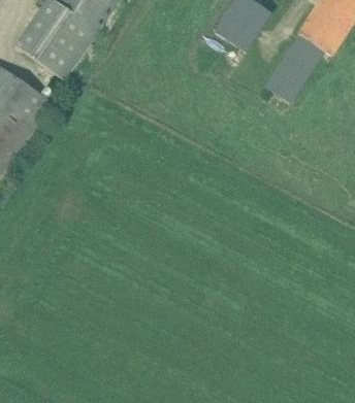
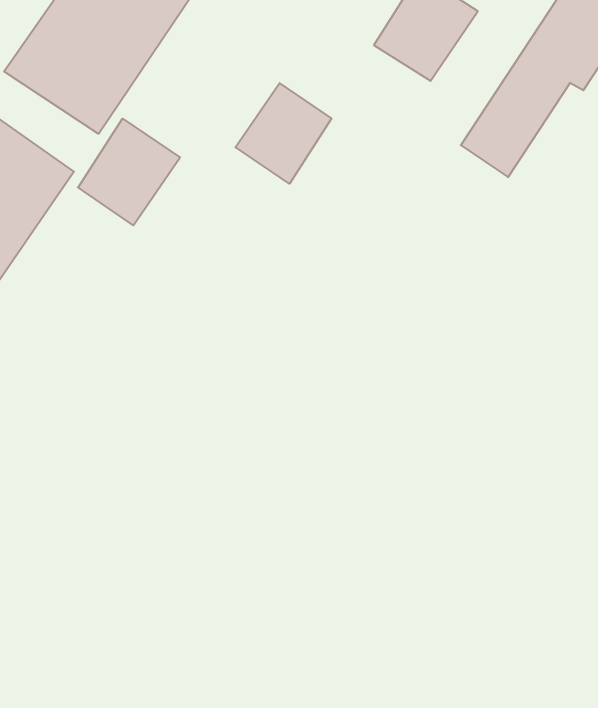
building: none -> [235,83,331,184]
building: none -> [78,119,180,225]

